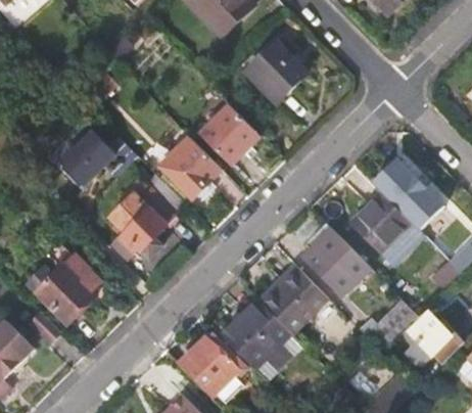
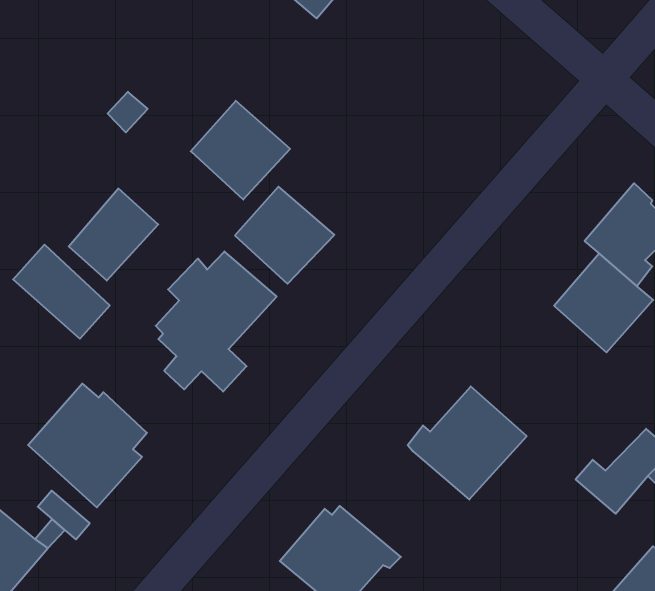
building: [245,42,308,104] -> none
building: [200,104,261,165] -> [191,101,290,200]
building: none -> [13,245,110,339]
building: [303,222,370,293] -> none
building: [219,305,292,372] -> none

